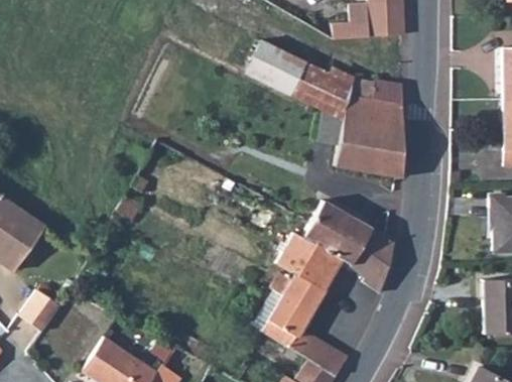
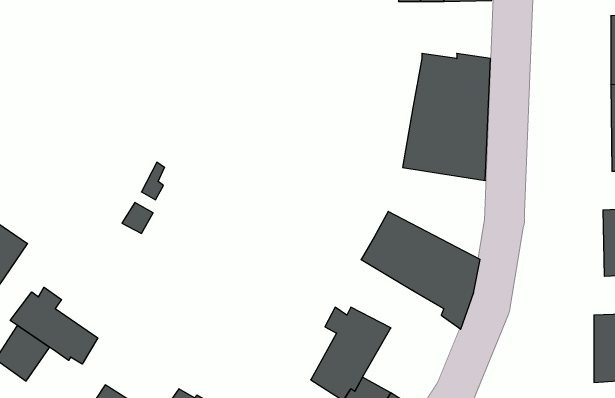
building: [249,41,351,120] -> none
building: [276,233,344,291] -> none
building: none -> [10,287,98,364]

